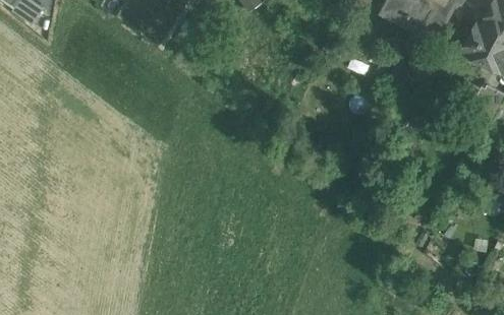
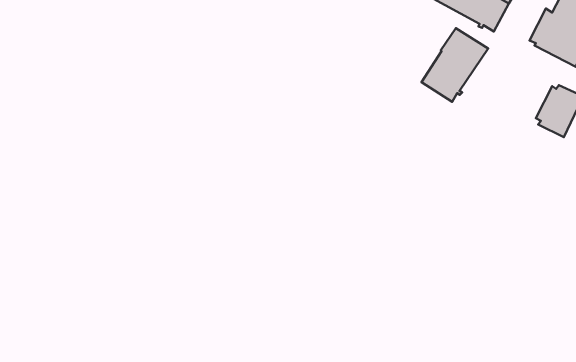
building: none -> [421,28,488,102]

